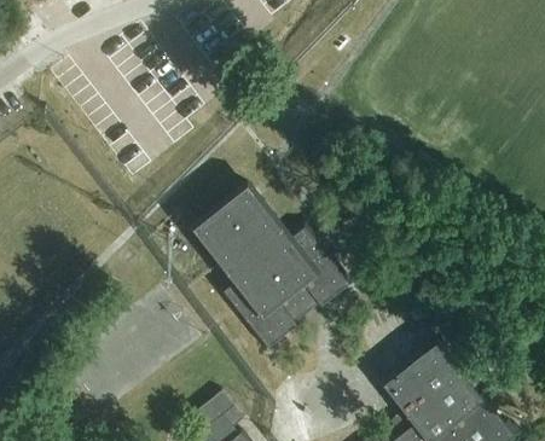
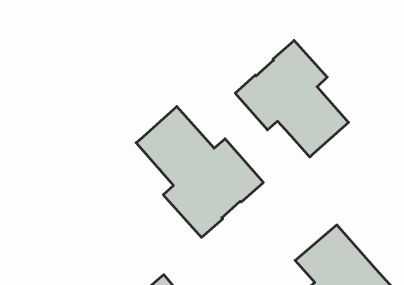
building: none -> [235,40,349,157]

